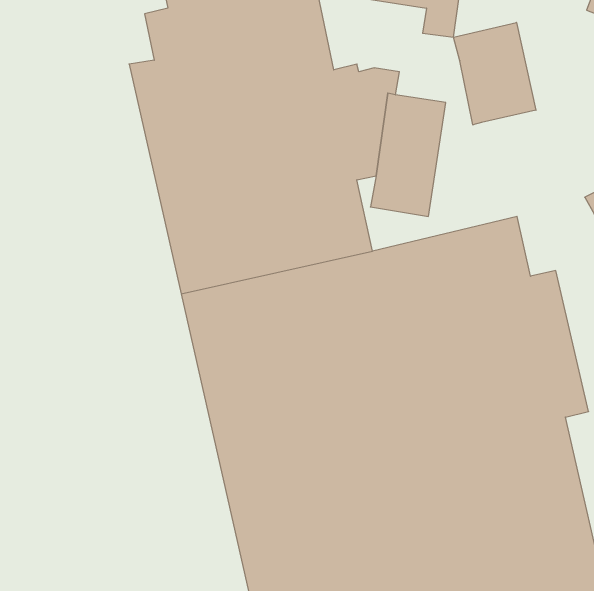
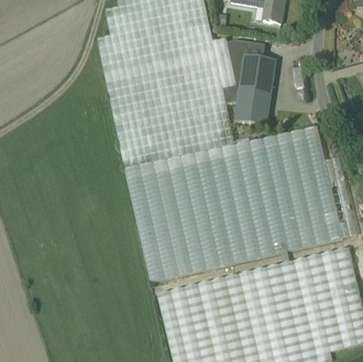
building: [453,22,536,125] -> none

